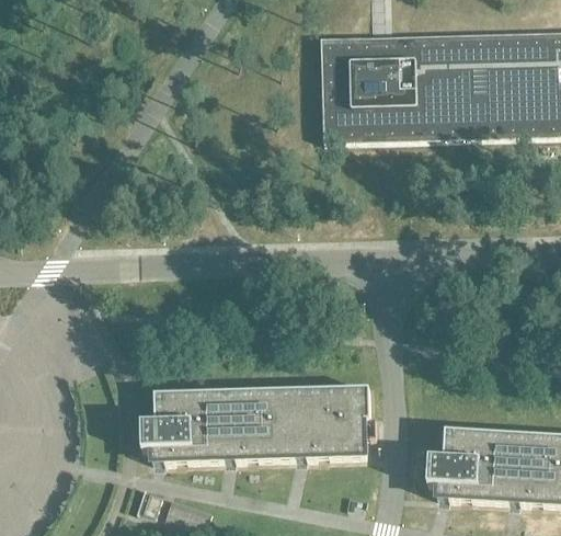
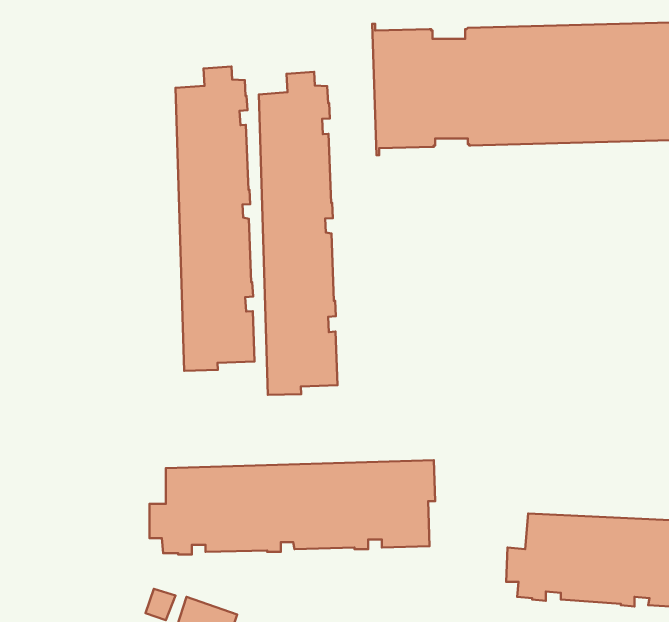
building: none -> [175,67,254,371]
building: none -> [259,72,337,395]

